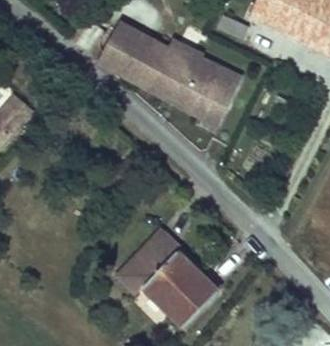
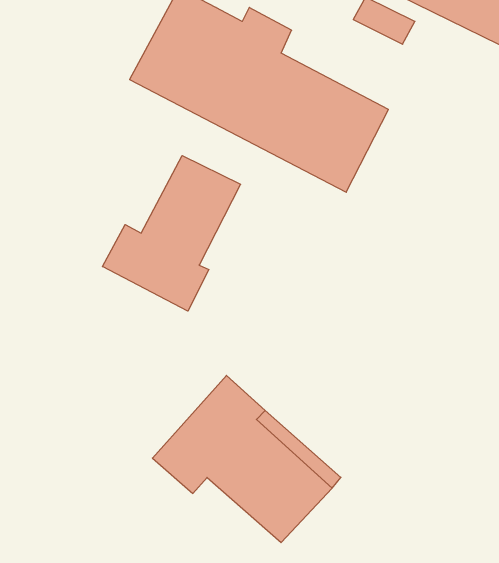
building: none -> [102,156,241,311]

